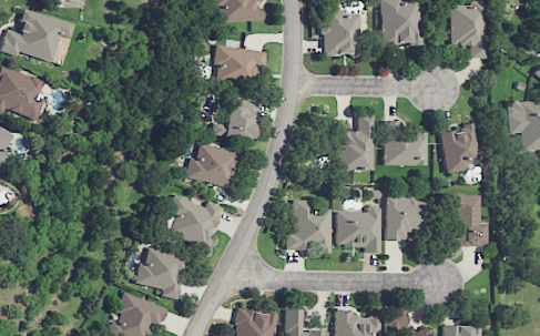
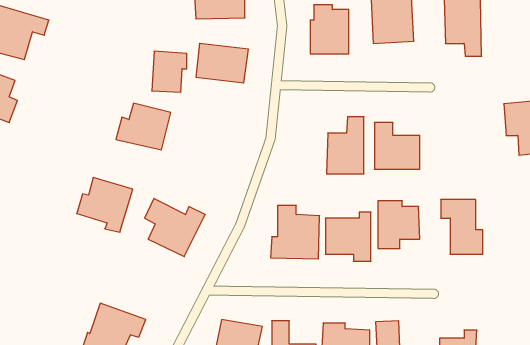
building: [225,100,258,139] -> [152,51,187,92]
building: [440,123,478,173] -> none
building: [184,143,236,187] -> [116,103,171,150]
building: [133,247,186,299] -> [77,178,133,232]

